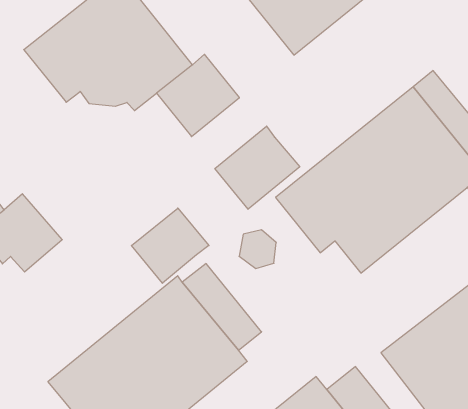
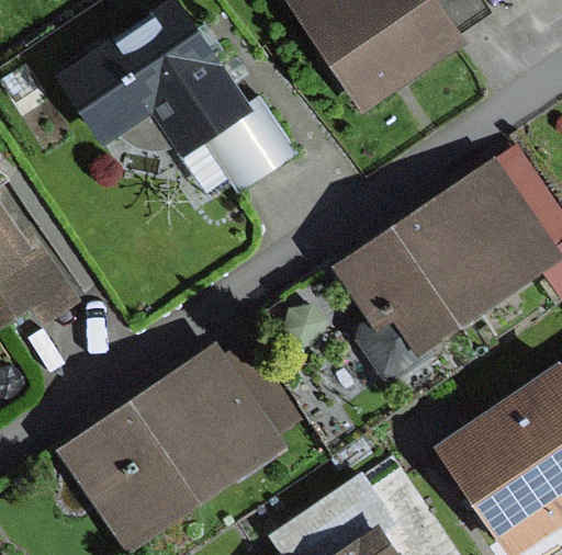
building: [215,126,300,209] -> none
building: [131,208,209,283] -> none

